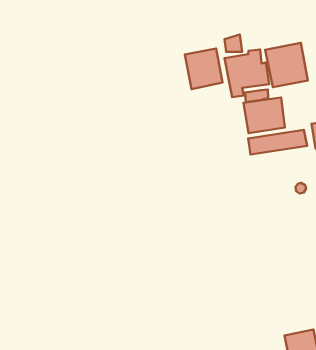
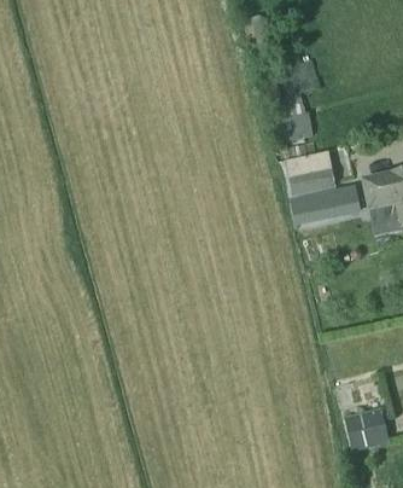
building: [265,43,308,87] -> none
building: [185,49,223,89] -> none

